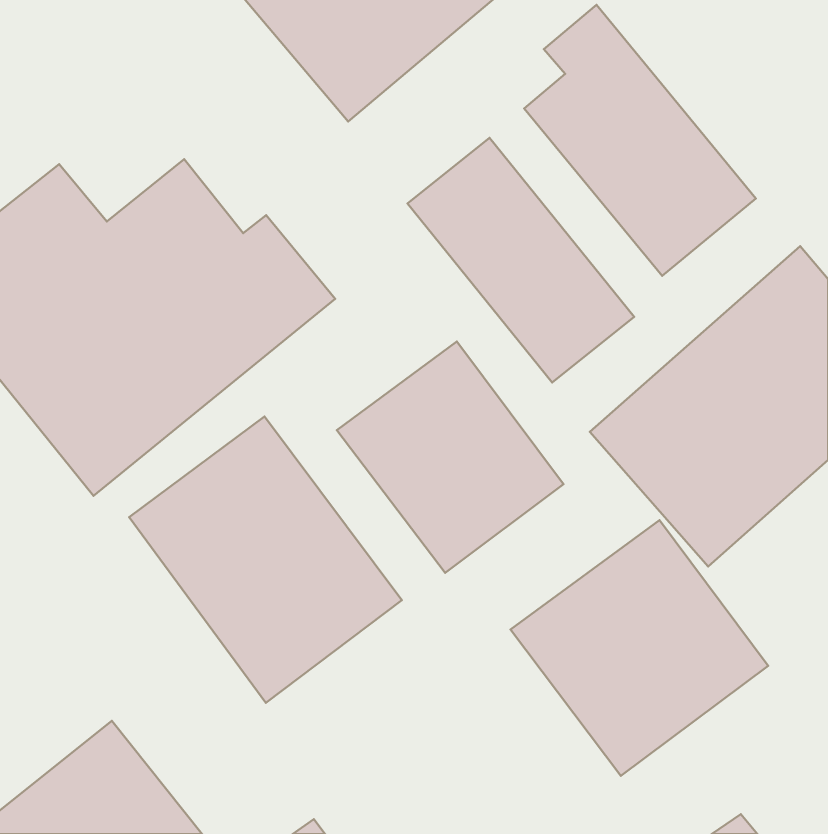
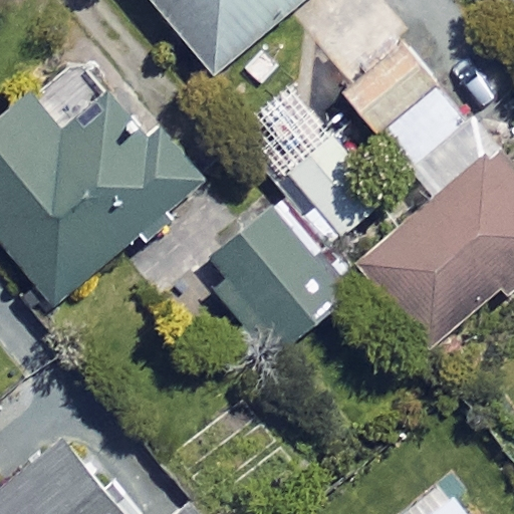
building: [129,417,402,703] -> none
building: [510,520,768,776] -> none

